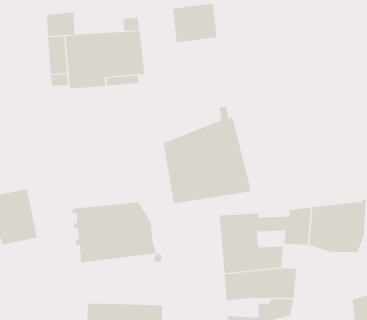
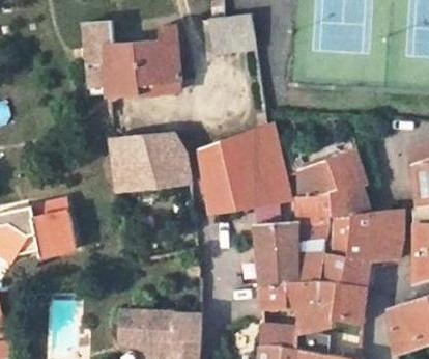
building: none -> [284,138,370,226]
building: [72,202,157,263] -> [106,134,191,195]
building: none -> [319,253,369,319]

